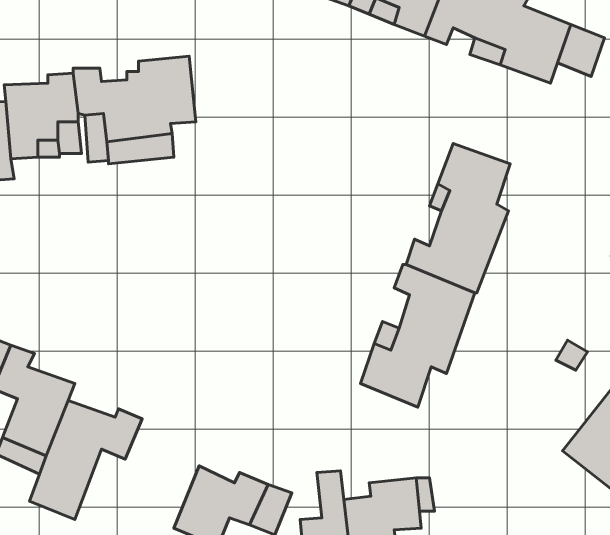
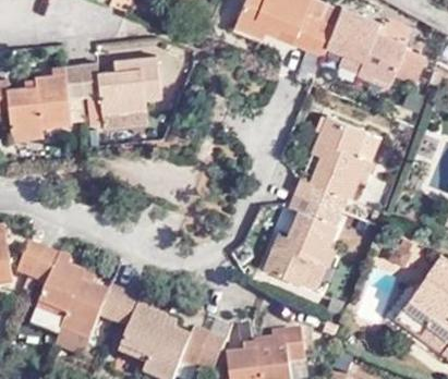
building: none -> [112,295,164,366]

